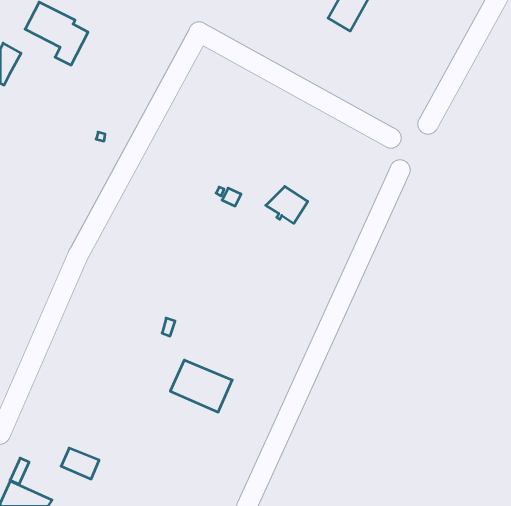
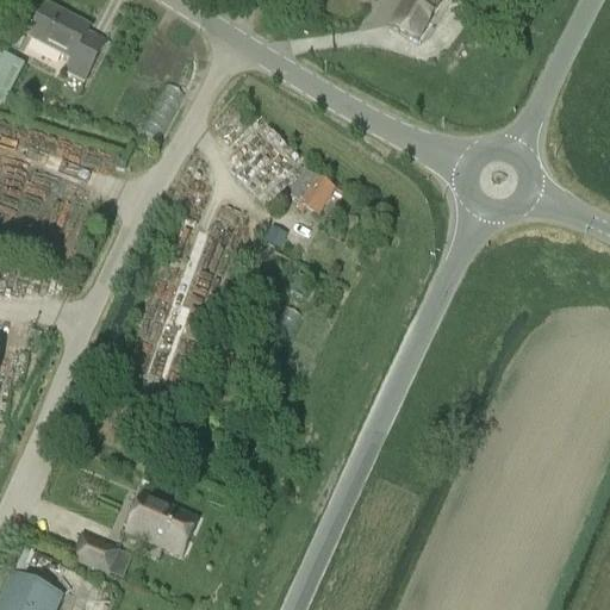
building: [266,186,308,223] -> [285,169,335,213]
building: [170,360,232,412] -> [125,492,199,554]

